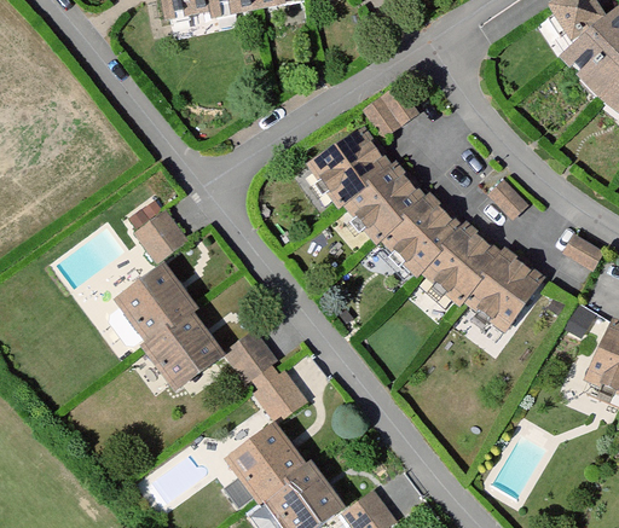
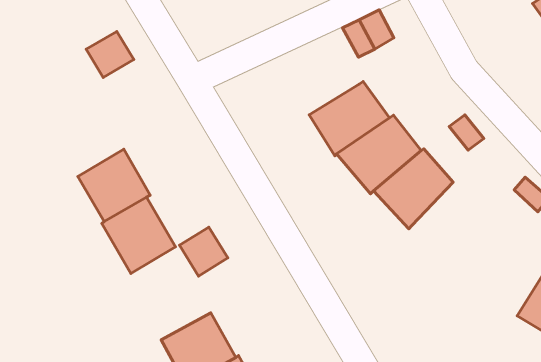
building: [307,126,389,205] -> none
building: [135,211,186,261] -> [86,31,134,78]
building: [464,246,542,331] -> none
building: [255,371,305,420] -> none

